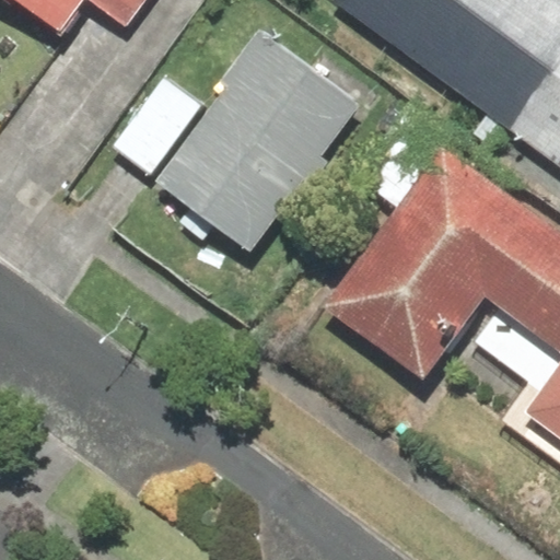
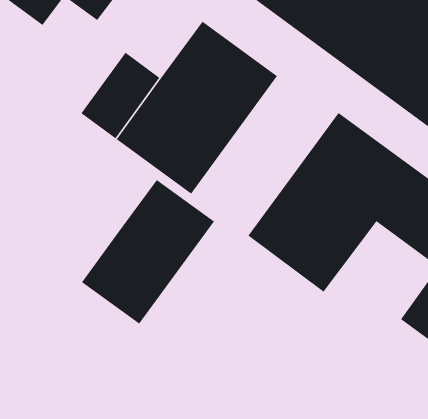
building: none -> [81,179,215,325]

